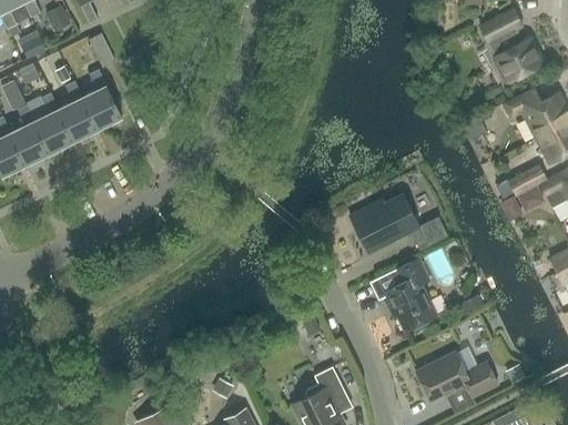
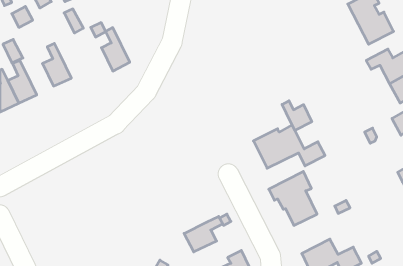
building: [83,69,122,129] -> [101,28,130,71]
building: [36,92,74,152] -> none
building: none -> [282,101,312,130]
building: [508,163,547,194] -> none
building: none -> [184,216,223,252]

